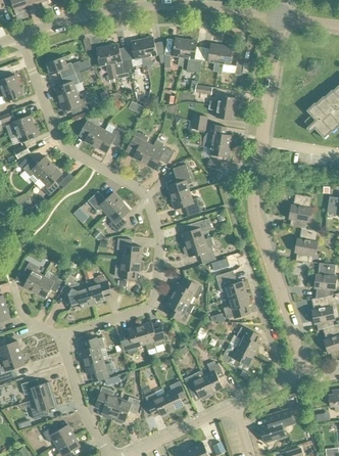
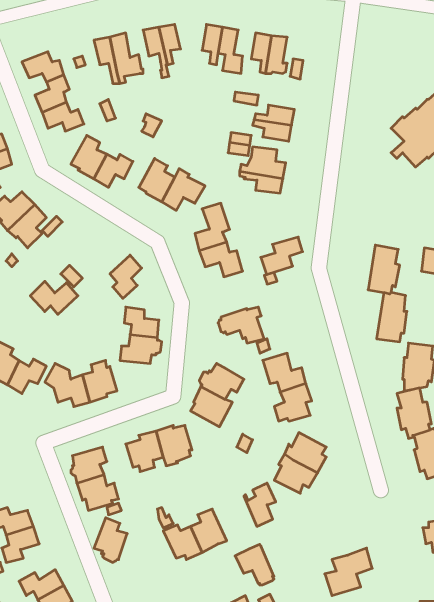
building: [88,190,122,214] -> [30,281,78,314]
building: [182,218,211,244] -> [261,237,303,275]
building: [184,370,211,399] -> [235,544,274,585]
building: [113,396,140,422] -> none

